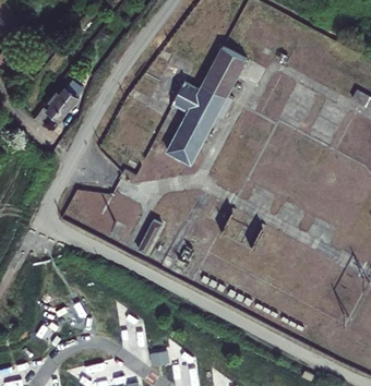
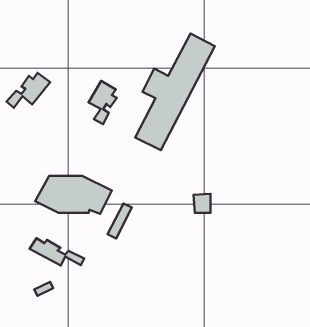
building: none -> [89,81,117,124]
building: none -> [29,238,84,265]

